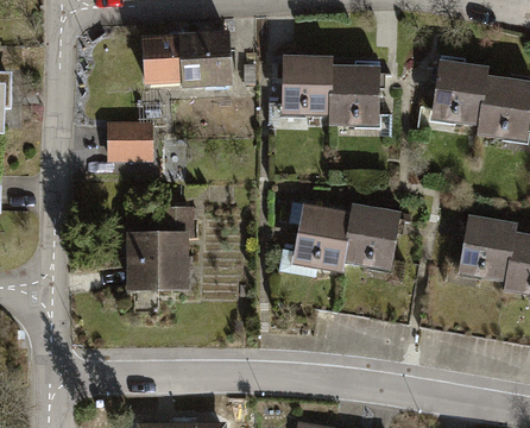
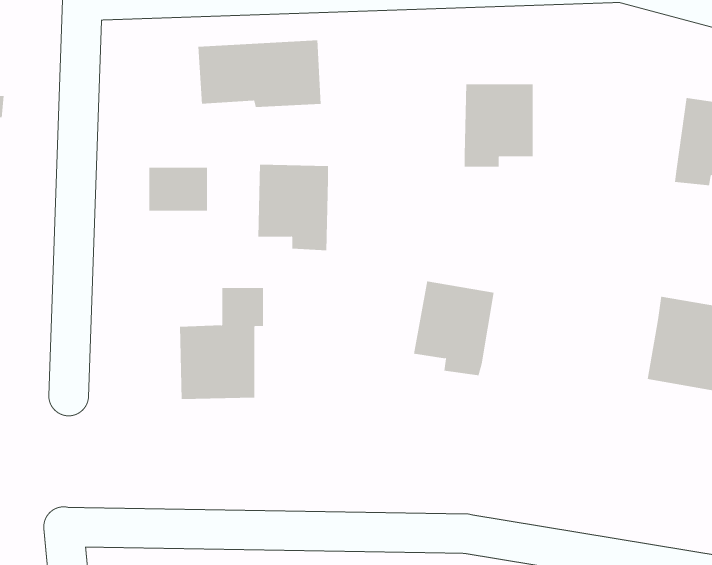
building: [282,56,332,117] -> [257,164,329,251]
building: [433,61,487,126] -> none
building: [343,204,400,271] -> none

